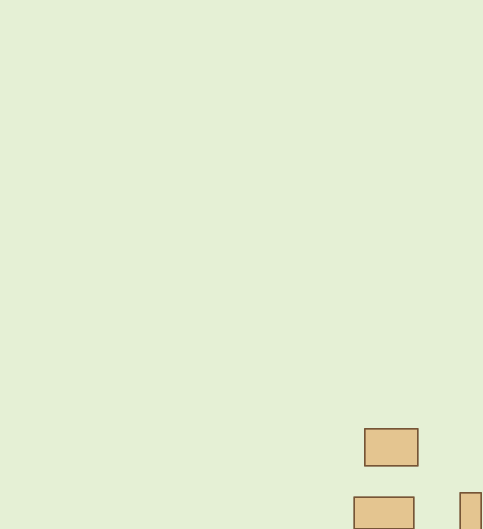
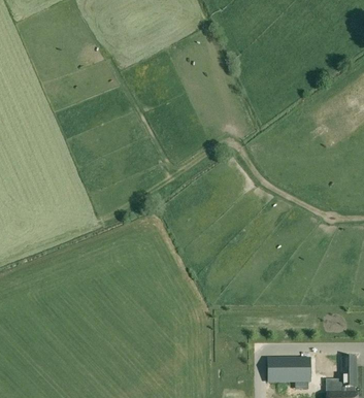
building: [365,429,418,466] -> none

